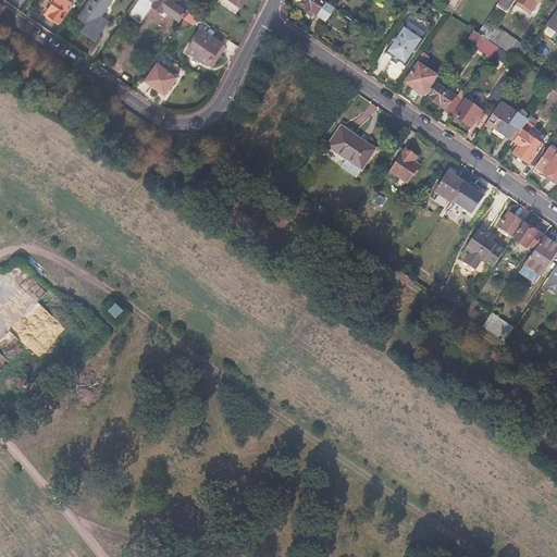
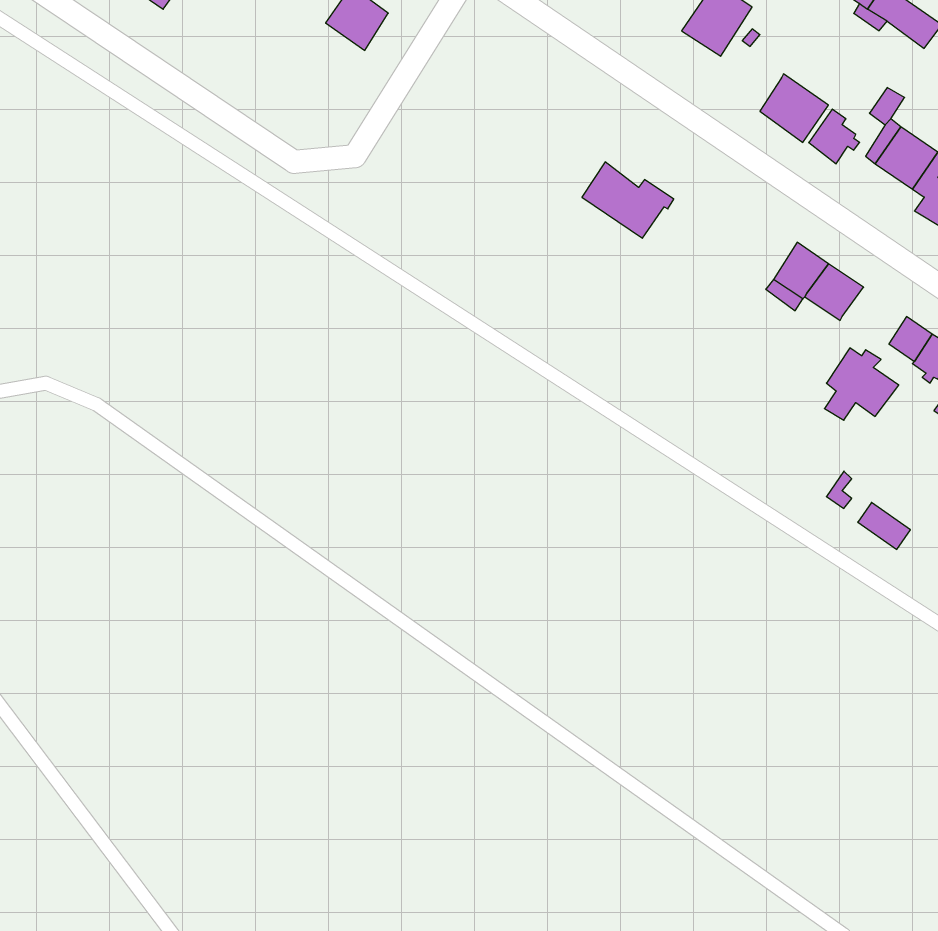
building: [145,61,178,96] -> none
building: [405,63,440,97] -> none
building: [386,146,419,181] -> none

